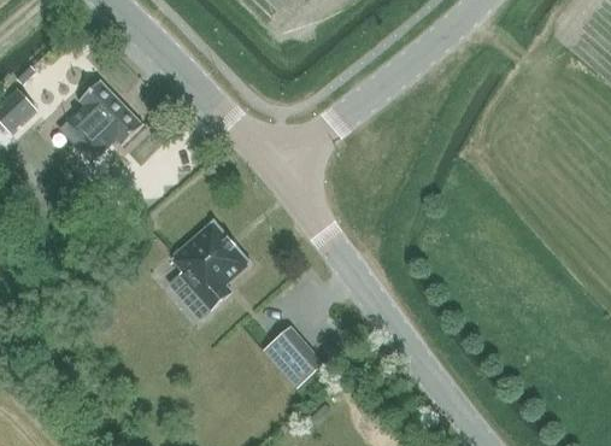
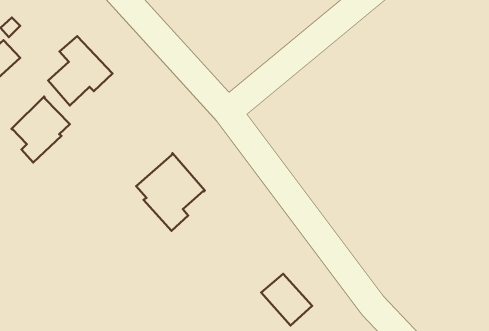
building: none -> [11,97,70,163]
building: [263,328,322,388] -> [261,274,312,325]

